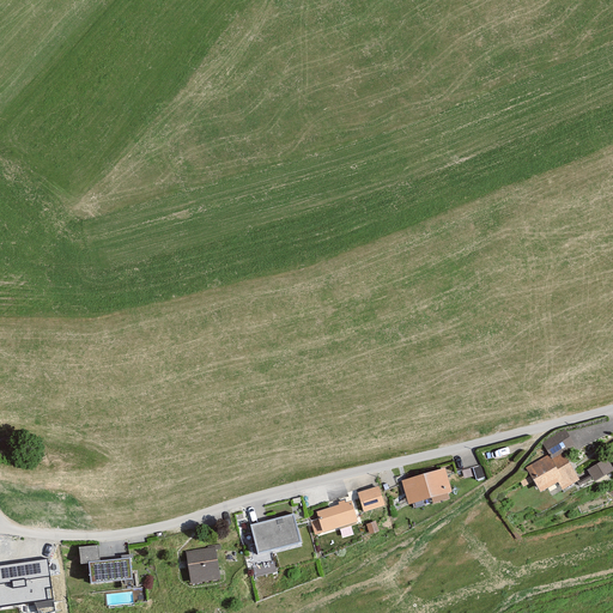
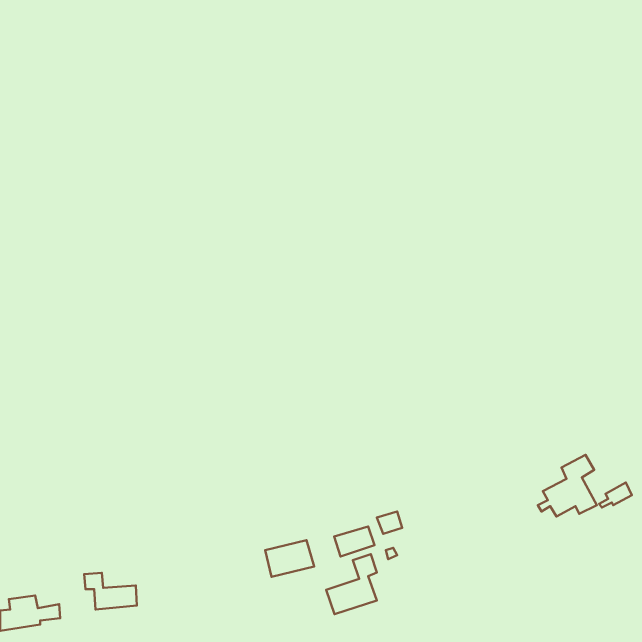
building: [403,469,449,500] -> none
building: none -> [326,554,377,614]
building: [188,548,219,581] -> none

